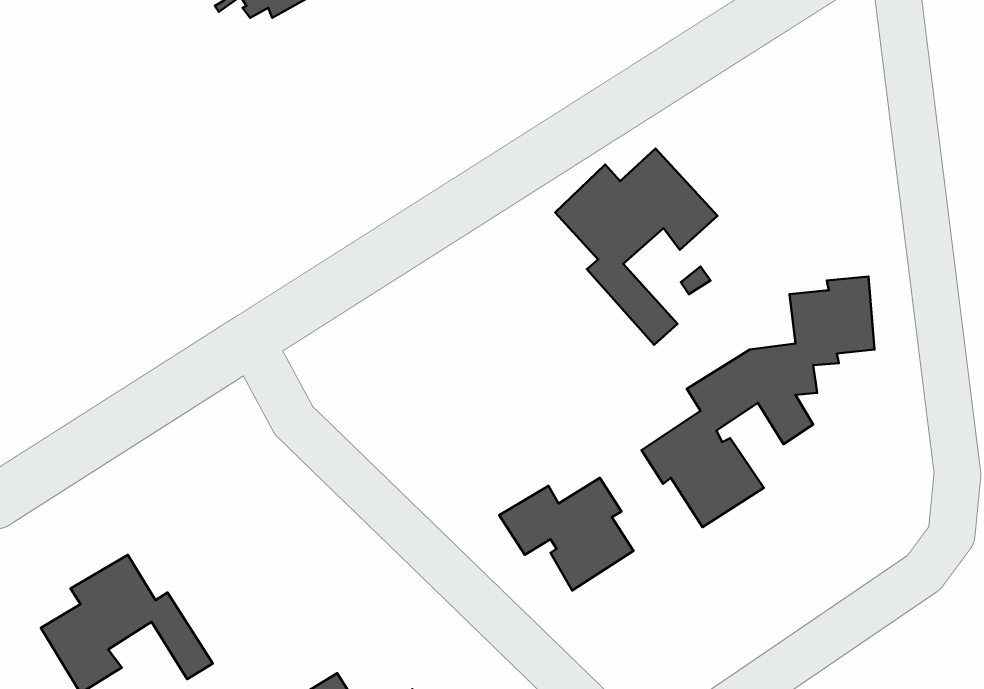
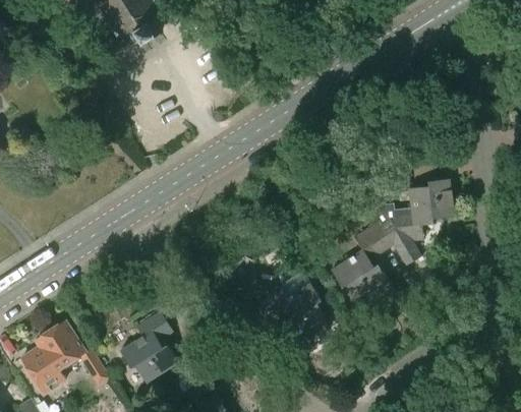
building: [555,148,718,345] -> none
building: none -> [119,310,177,381]

